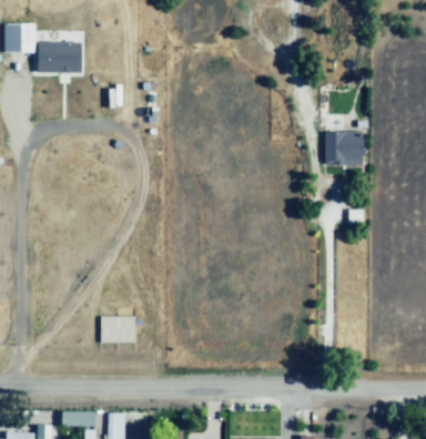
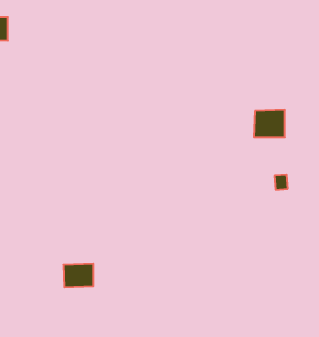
building: [36,41,80,72] -> none

